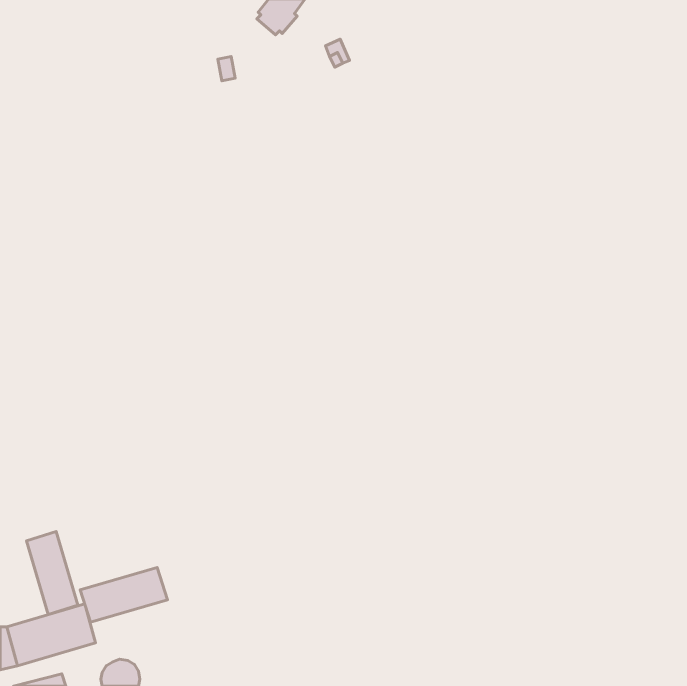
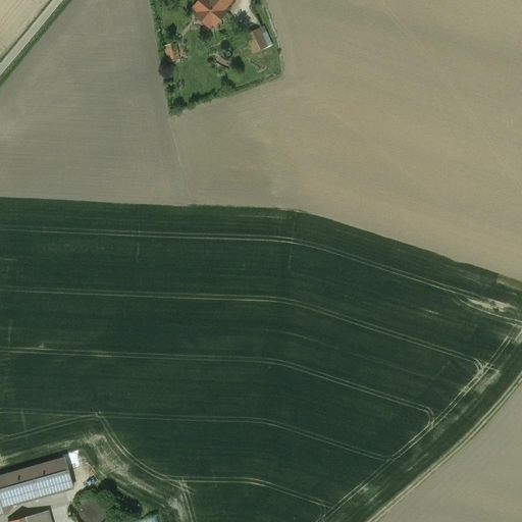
building: [27,531,78,615] -> none
building: [80,567,167,622] -> none

